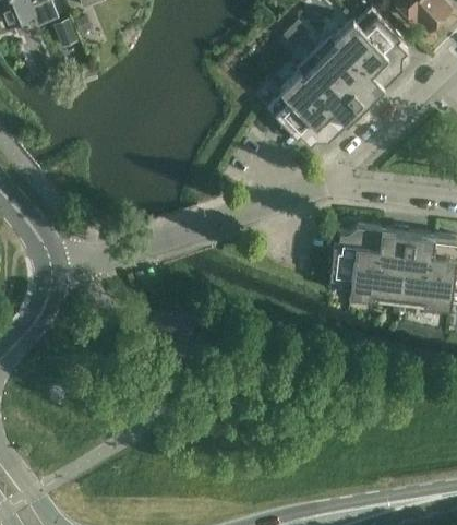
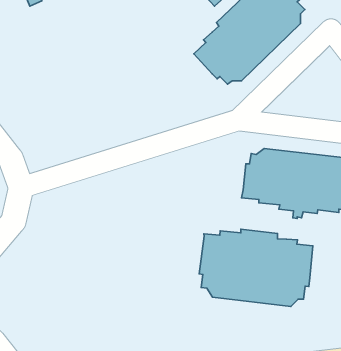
building: none -> [199,229,313,306]

